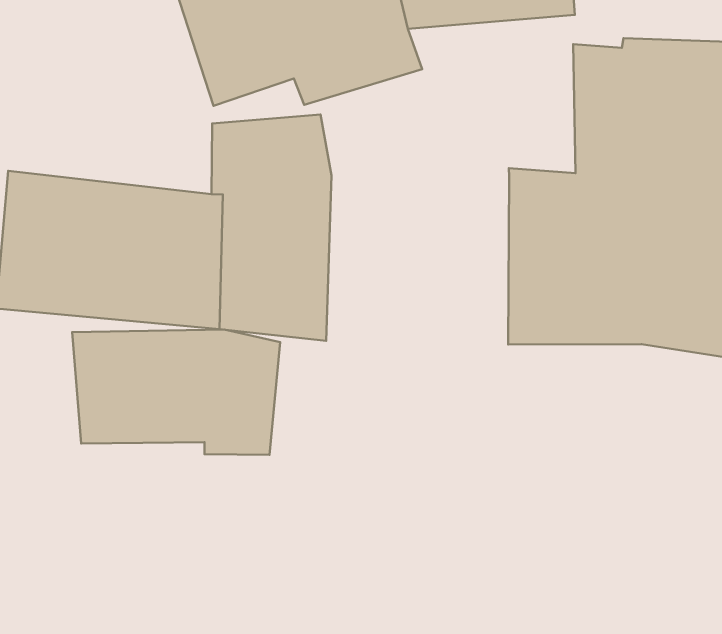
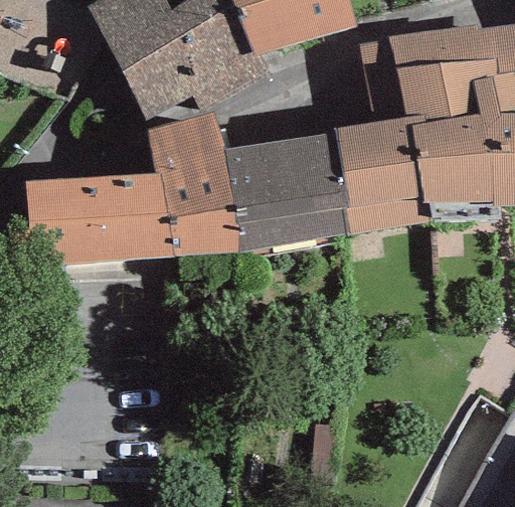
building: none -> [225,131,351,250]
building: [72,330,280,455] -> none

